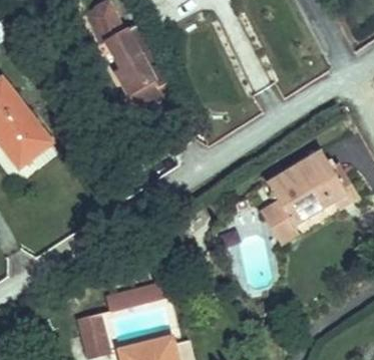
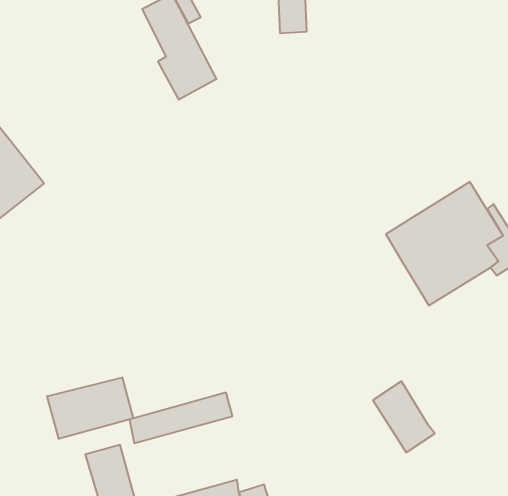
building: [258,196,297,241] -> [373,381,435,452]
building: none -> [47,377,133,439]

